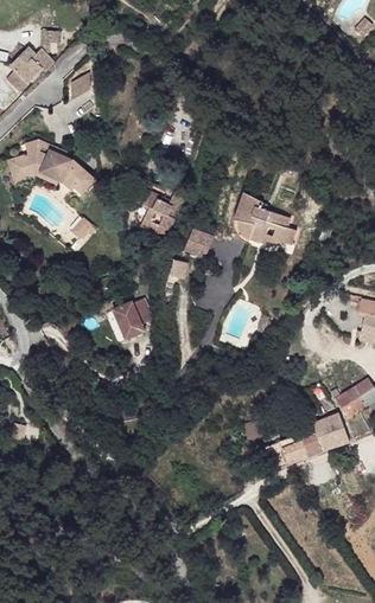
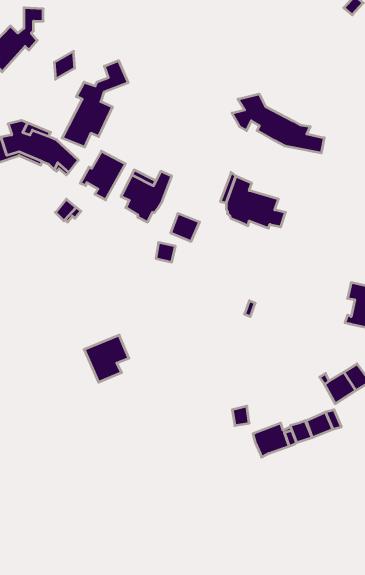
building: none -> [62,61,128,147]
building: none -> [232,94,324,153]
building: none -> [80,151,125,200]
building: [110,295,154,341] -> [84,335,129,382]

